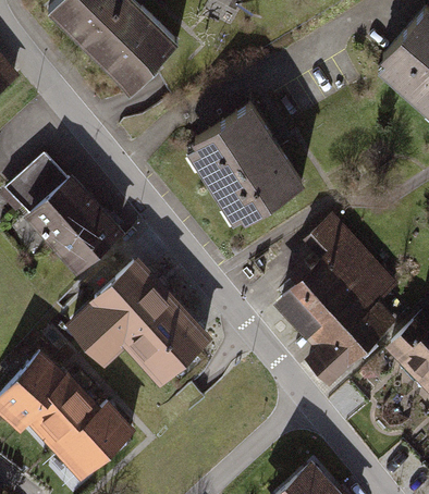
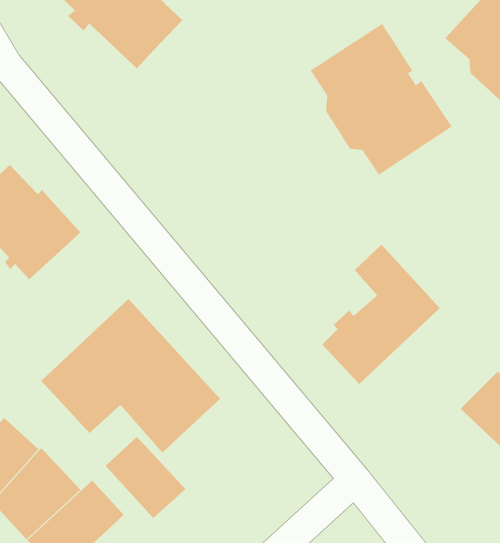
building: [193,108,304,226] -> [310,23,452,175]
building: [58,211,119,271] -> none
building: [310,270,394,382] -> none
building: none -> [105,436,186,519]

